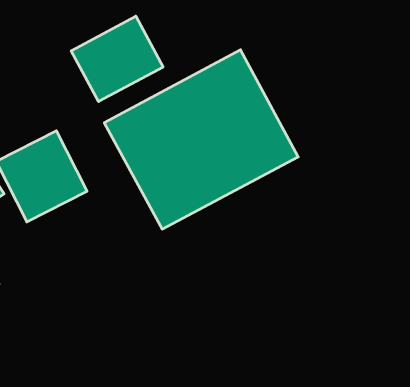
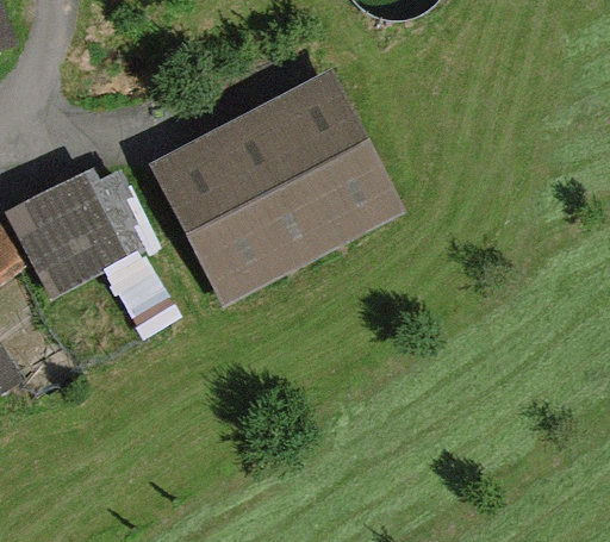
building: [71,16,163,102] -> none

